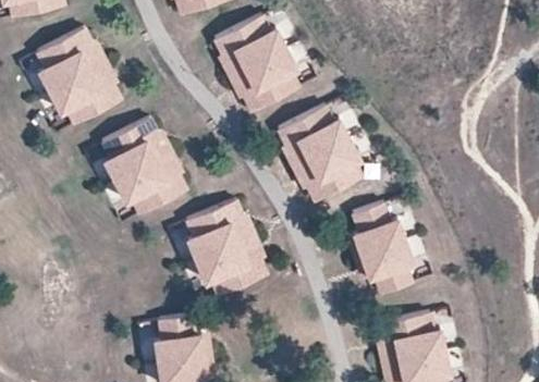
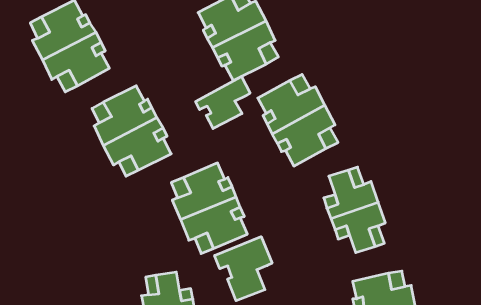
building: none -> [196,76,250,129]
building: none -> [215,237,272,301]

